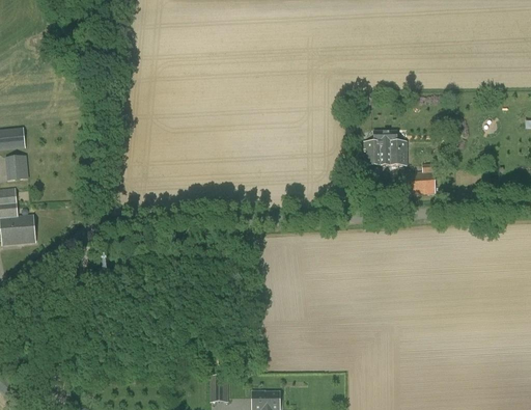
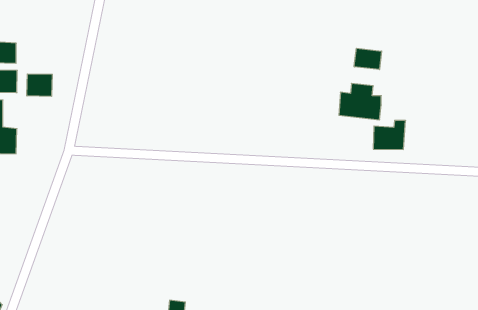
building: none -> [354,48,382,70]
building: none -> [27,74,52,96]

